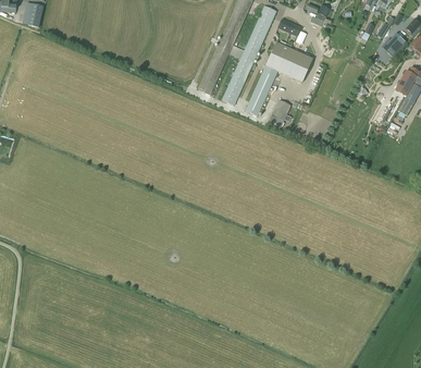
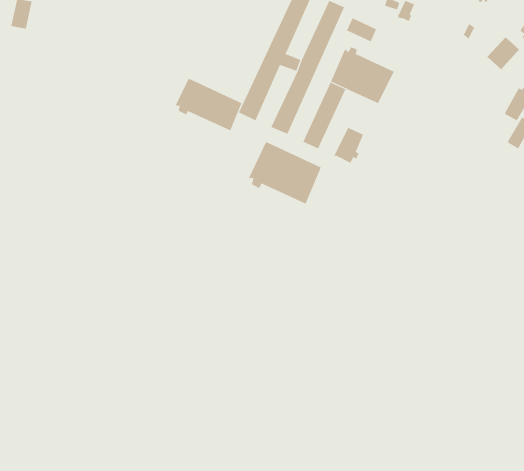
building: none -> [175,78,242,131]
building: none -> [248,141,322,204]

